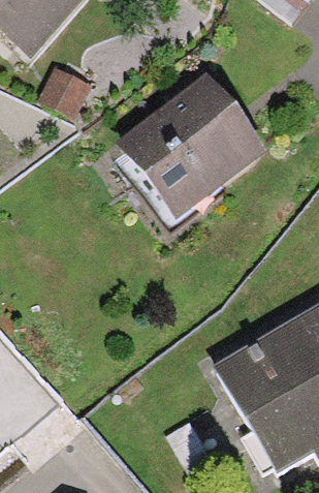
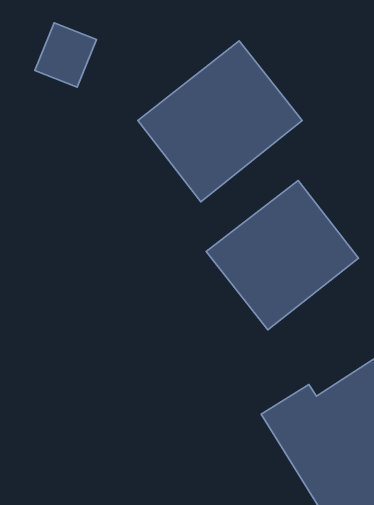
building: none -> [206,180,359,330]

